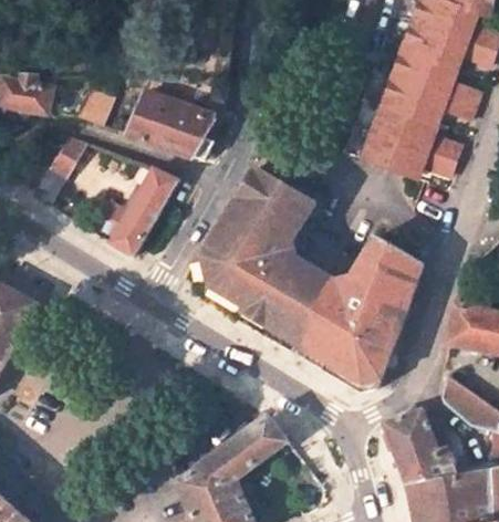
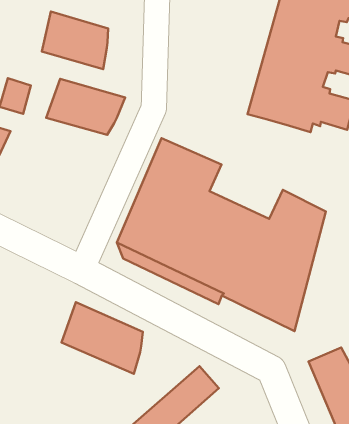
building: none -> [42,12,108,69]
building: [112,169,178,254] -> none
building: none -> [62,302,143,374]

